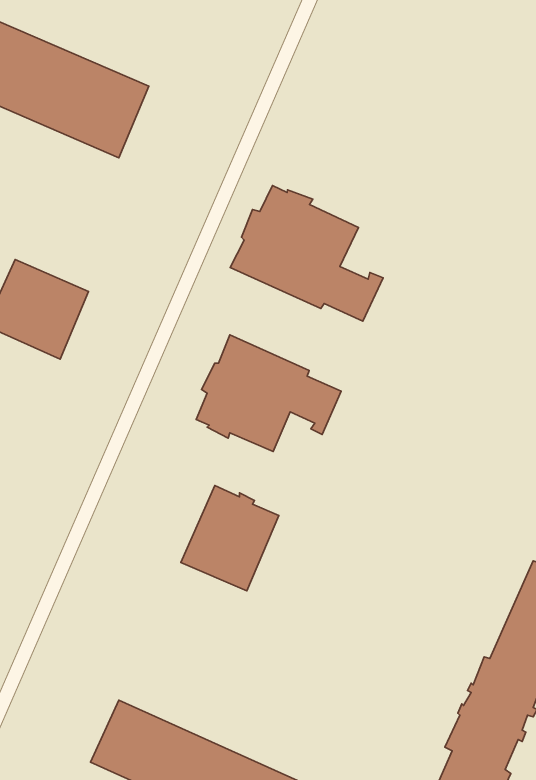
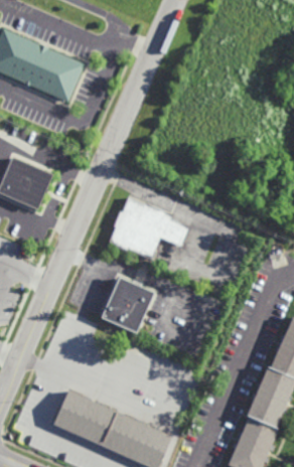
building: [230,185,383,321] -> none

